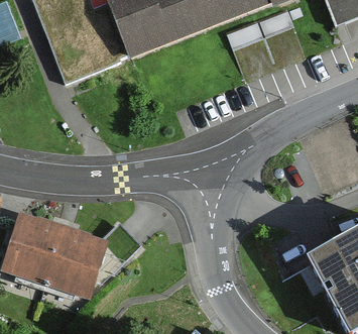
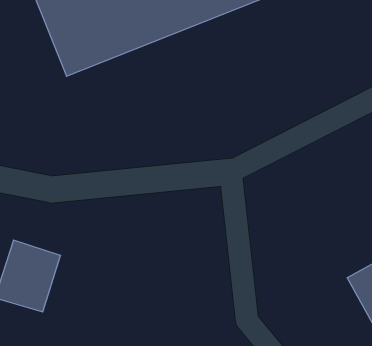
building: [47,234,104,296] -> none

